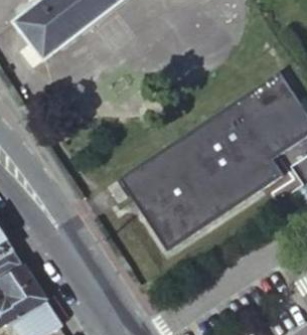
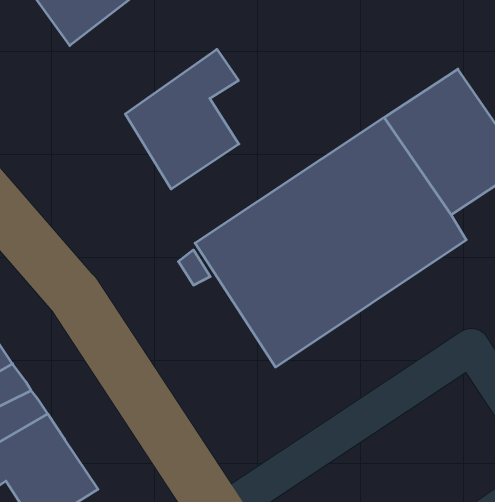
building: none -> [125,49,239,189]

